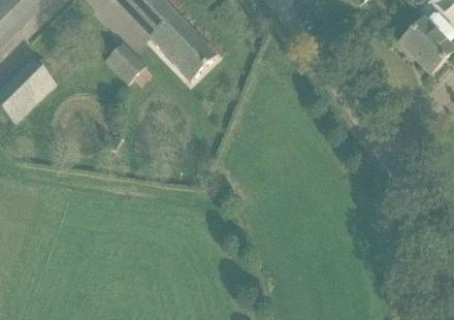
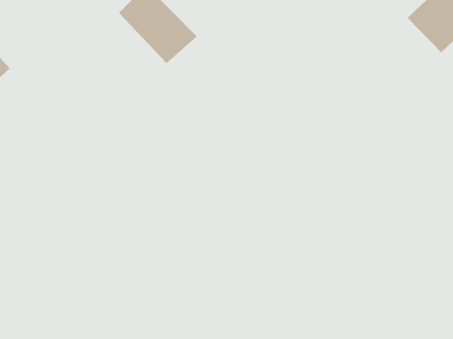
building: [105,40,144,78] -> none

